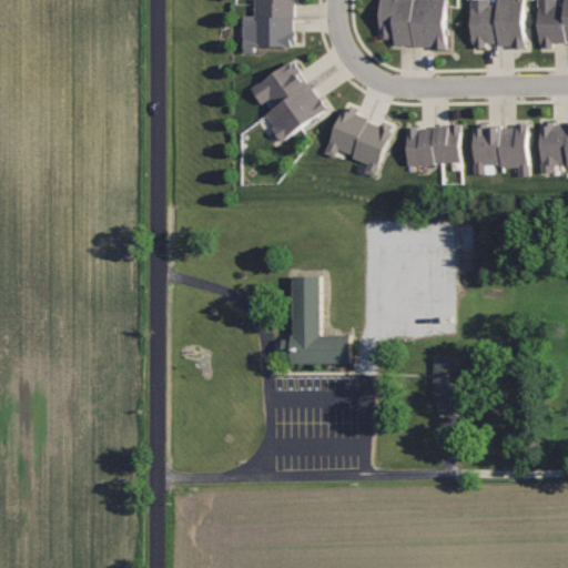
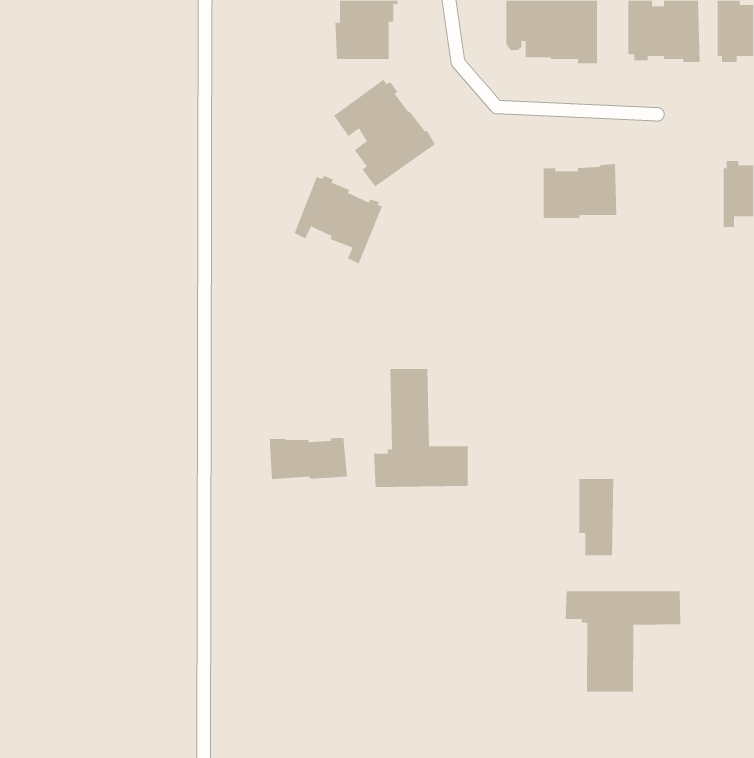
building: [323,109,389,175] -> [294,175,383,264]
building: [471,123,526,176] -> none
building: none -> [269,437,348,480]
building: none -> [565,590,681,693]

